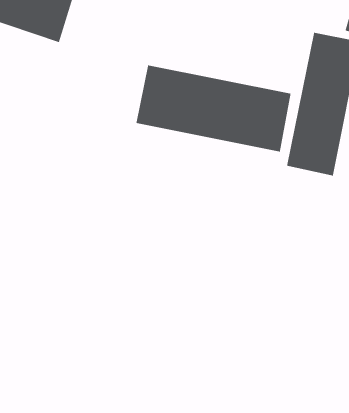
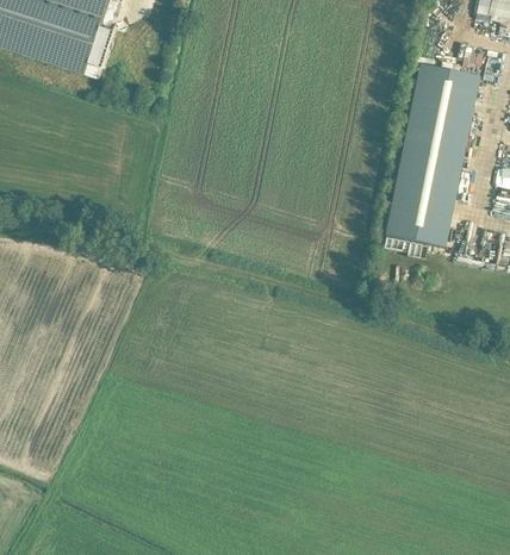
building: [136,64,291,153] -> none

